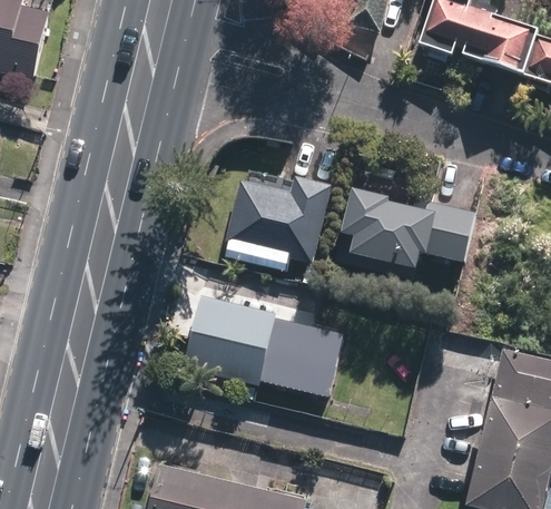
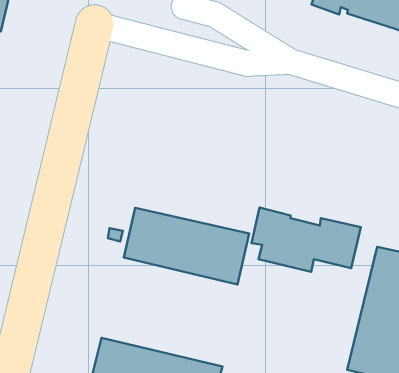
building: [227,176,331,263] -> none
building: [340,189,476,270] -> [251,208,361,272]

